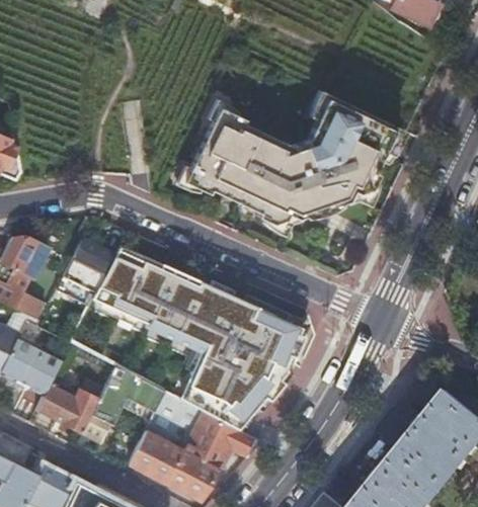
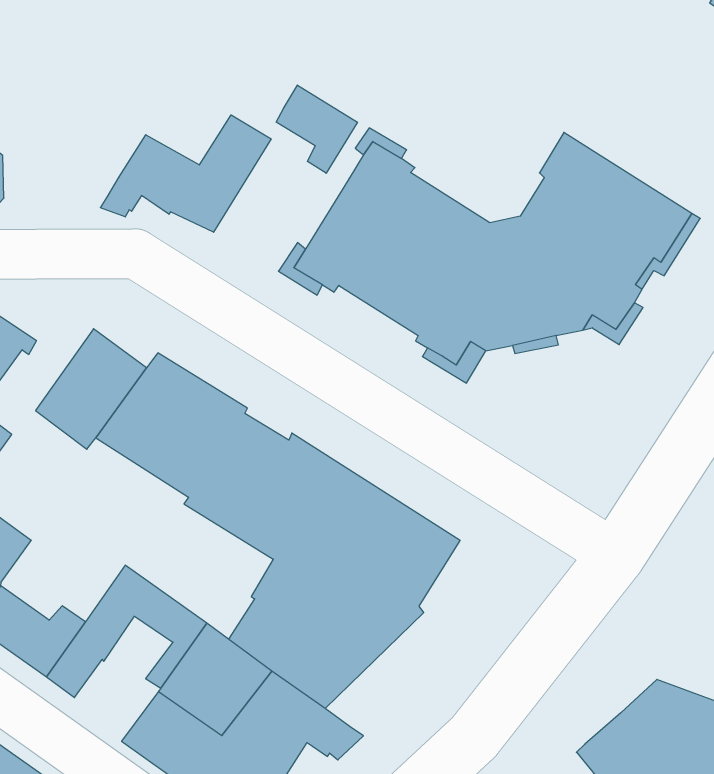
building: none -> [276,85,357,173]
building: none -> [100,115,271,232]

